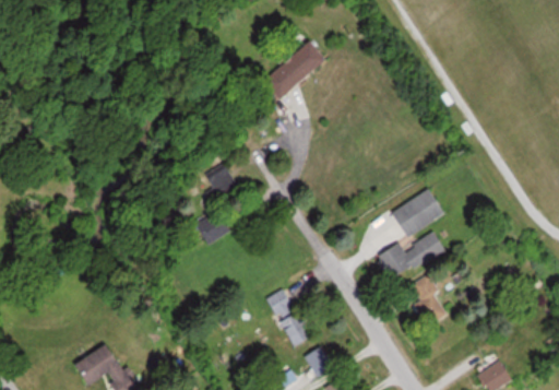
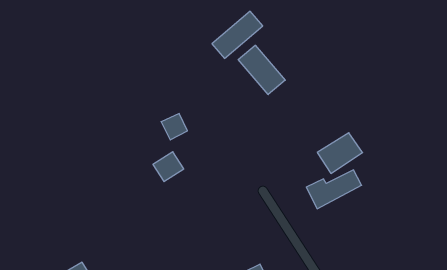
building: none -> [238,45,285,95]
building: [403,276,449,327] -> none
building: [266,288,307,348] -> none

